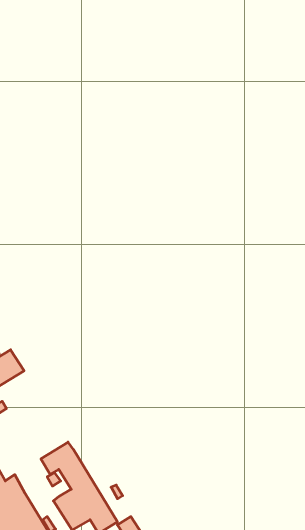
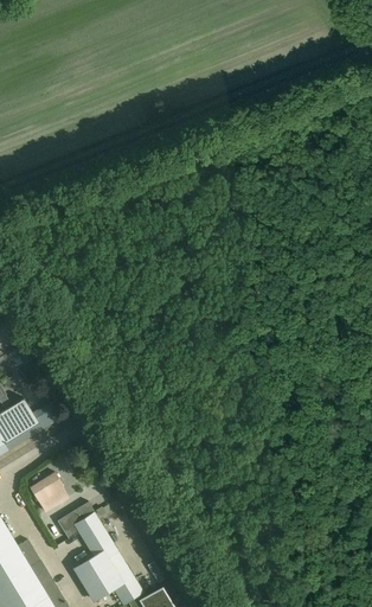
building: none -> [28,473,68,512]

